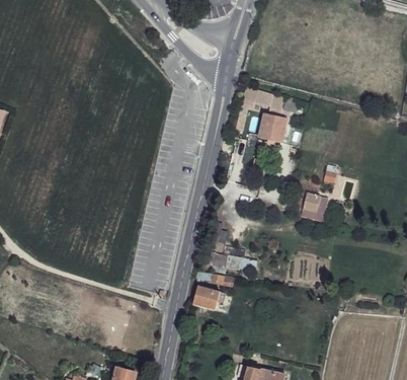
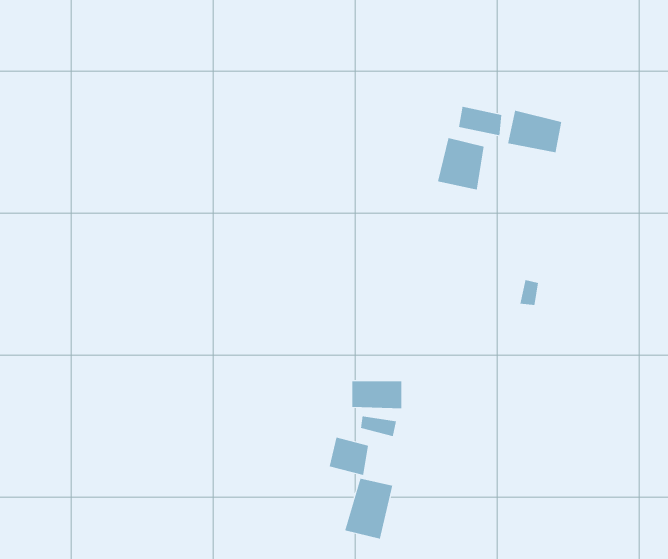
building: none -> [508,110,562,153]
building: none -> [345,478,393,540]

